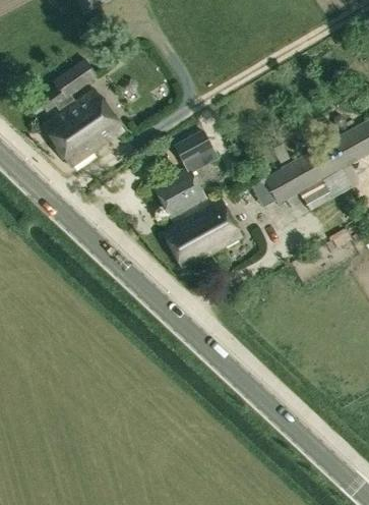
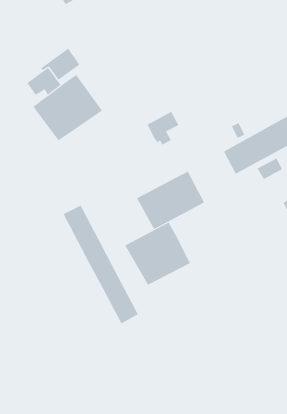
building: [153,166,208,220] -> none
building: none -> [63,205,139,324]
building: none -> [125,222,191,286]

